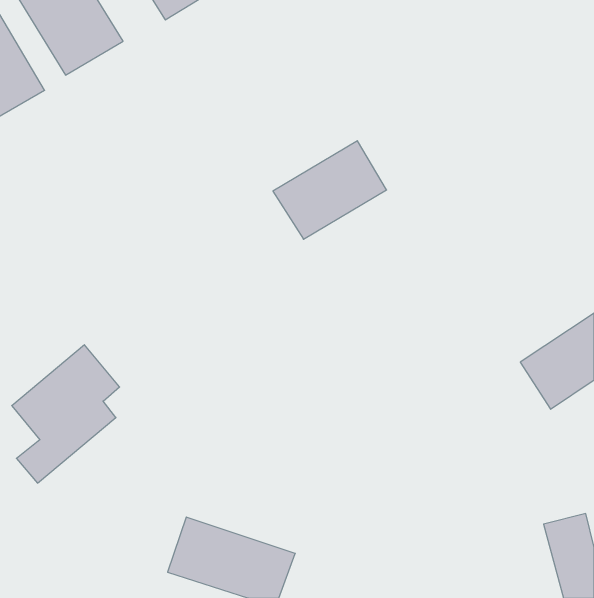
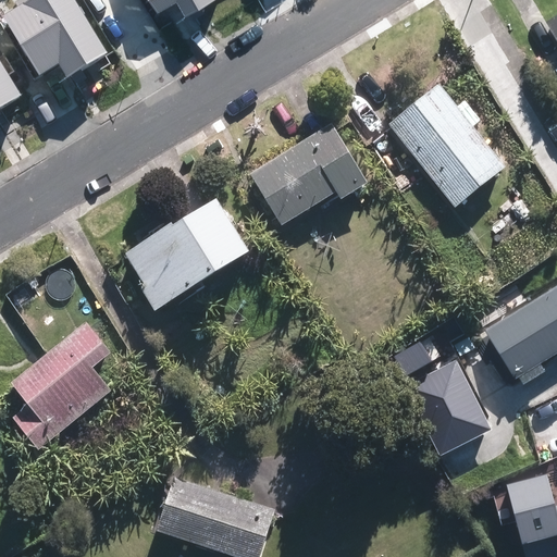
building: none -> [396,91,497,199]
building: none -> [137,203,246,304]
building: none -> [412,371,496,448]

